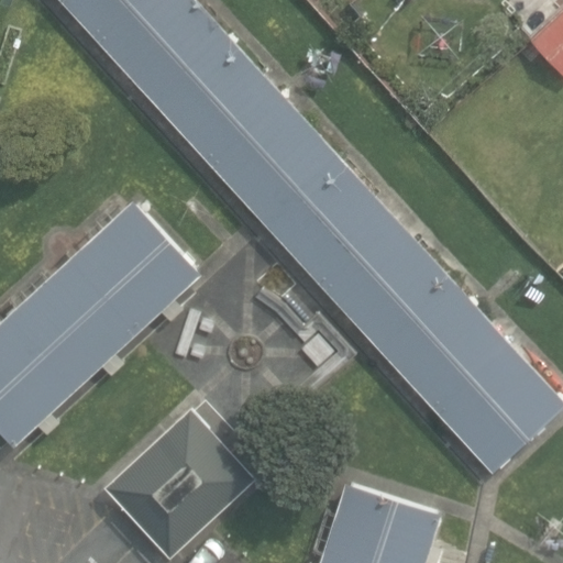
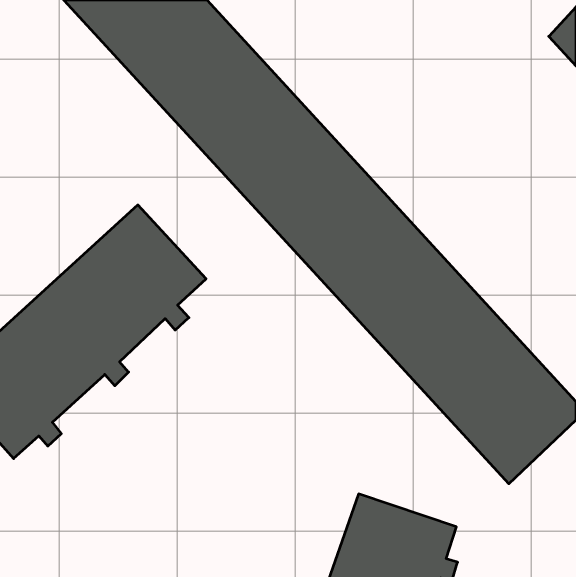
building: [104,410,254,558] -> none

